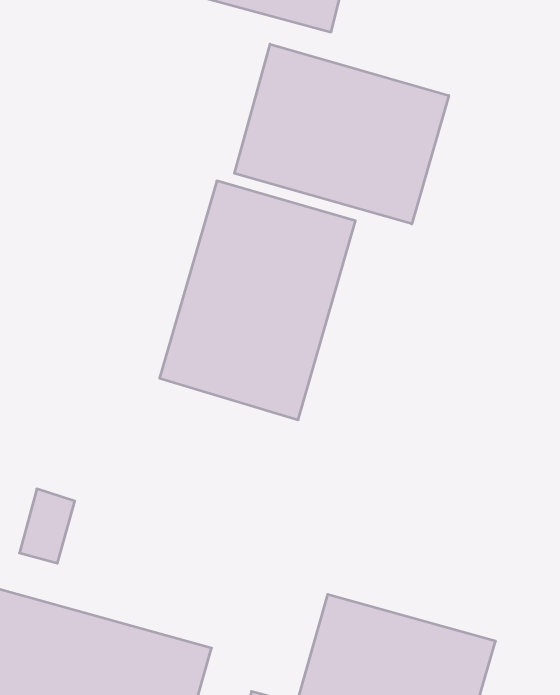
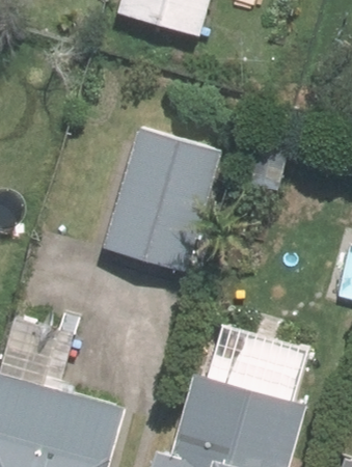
building: [234,44,449,224] -> none

